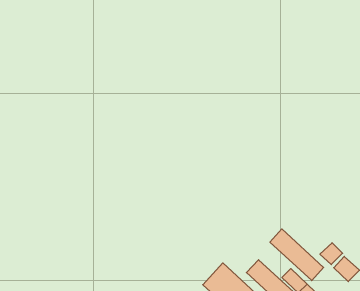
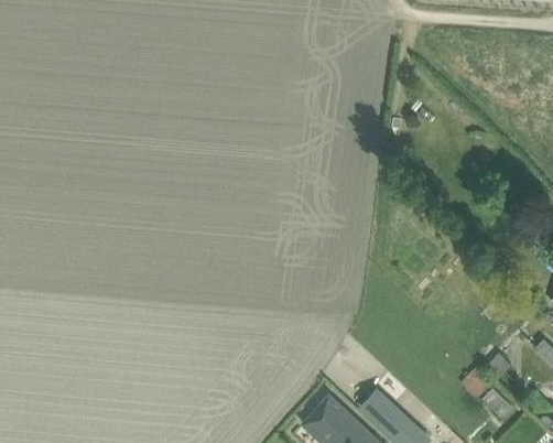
building: [270,229,324,281] -> none

